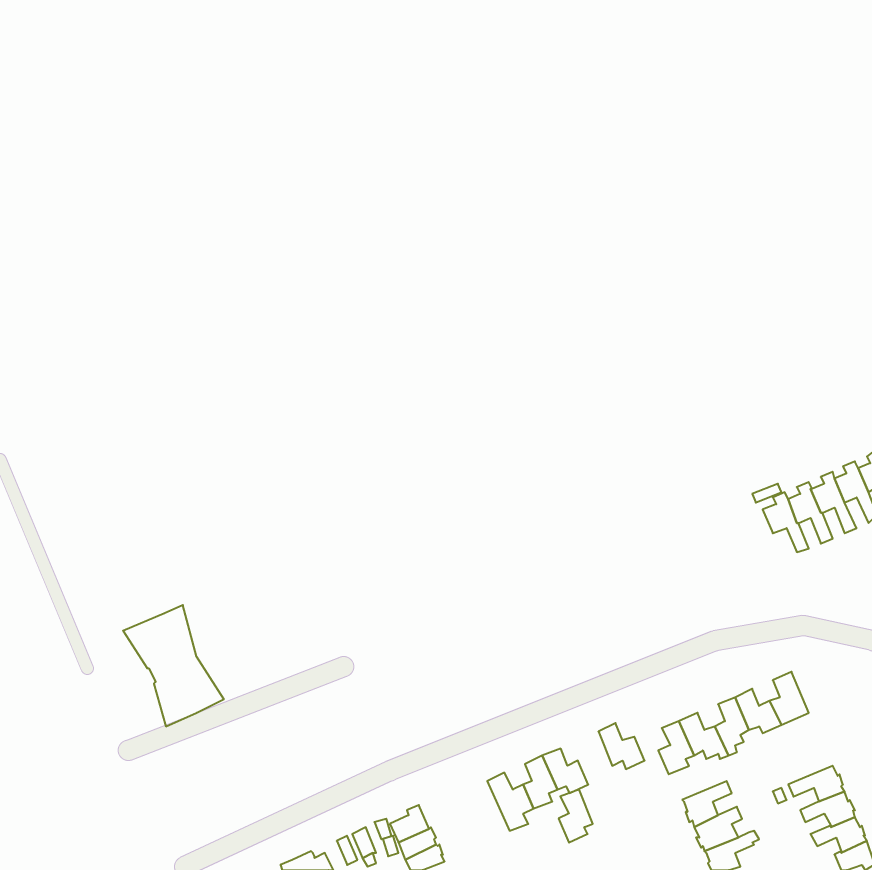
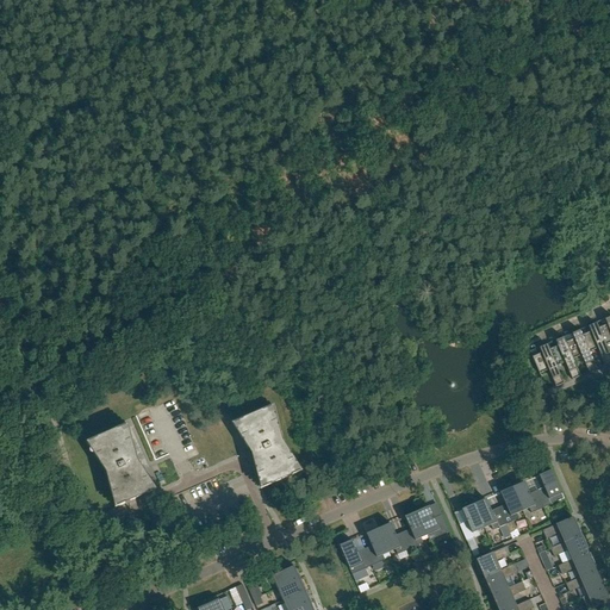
building: none -> [232,404,303,487]
building: none -> [543,516,581,541]
building: [559,790,593,843] -> [404,510,428,547]

